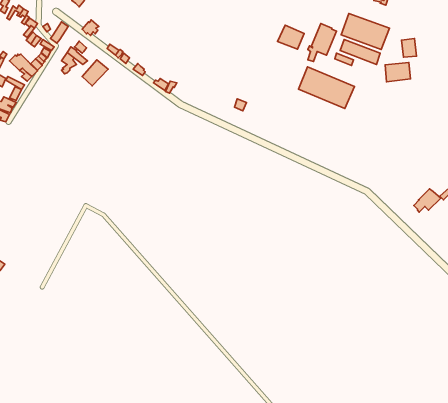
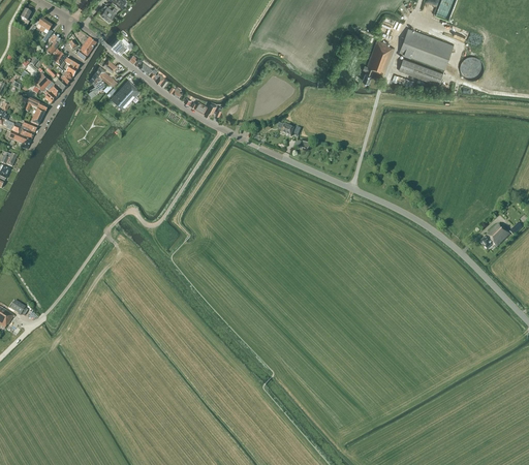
building: [278,25,304,49] -> none
building: [385,63,411,82] -> none
building: [299,67,355,108] -> none

